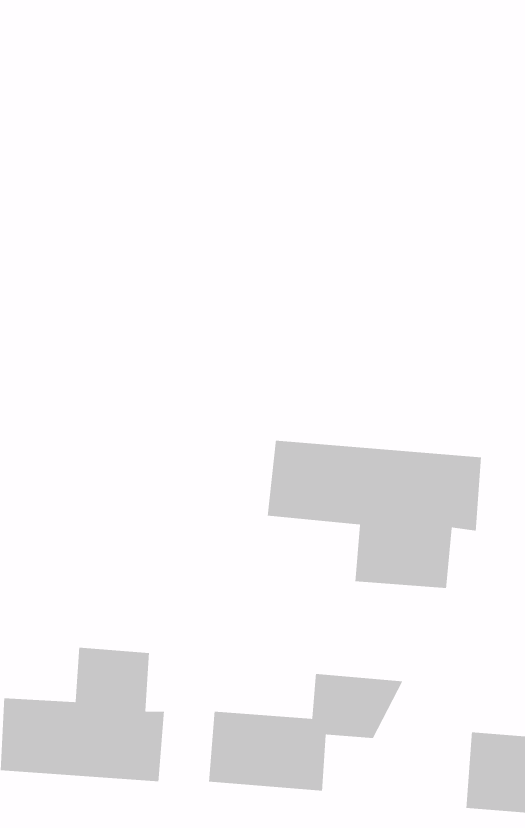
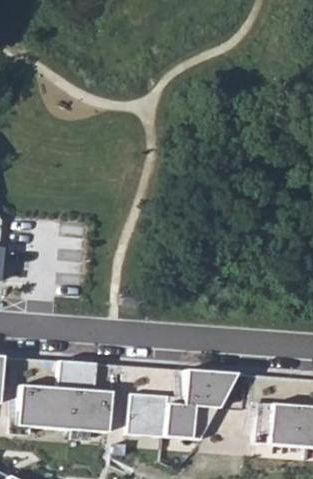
building: [267,440,482,589] -> none

